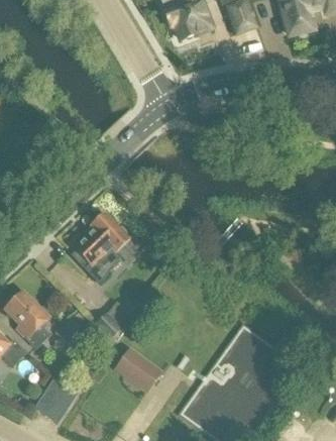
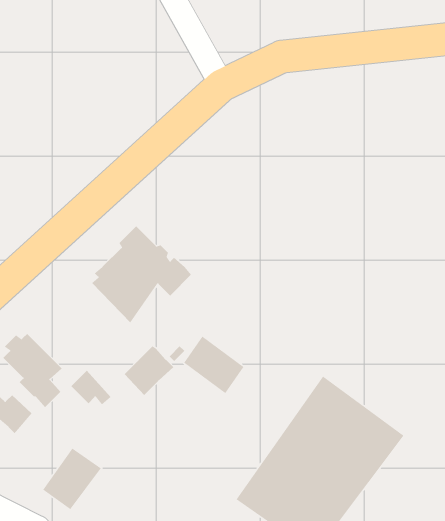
building: [114,348,159,392] -> [183,336,245,394]

